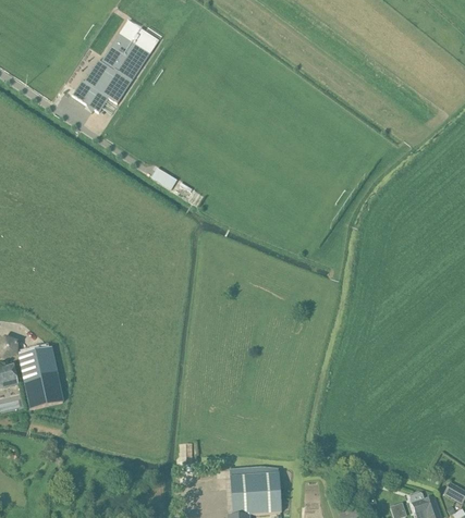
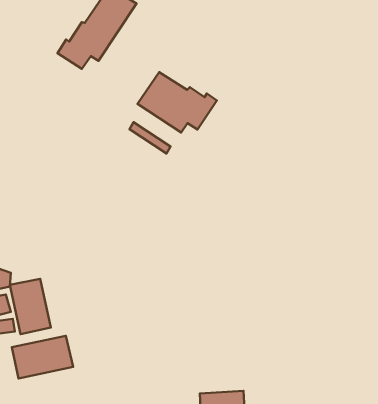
building: none -> [137,72,217,132]
building: none -> [12,336,73,379]

